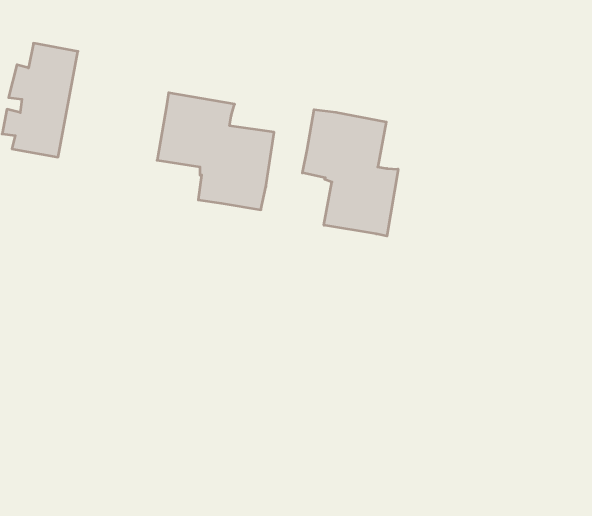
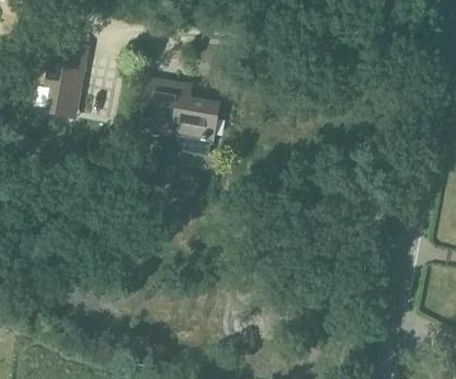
building: [302,110,398,236] -> none

